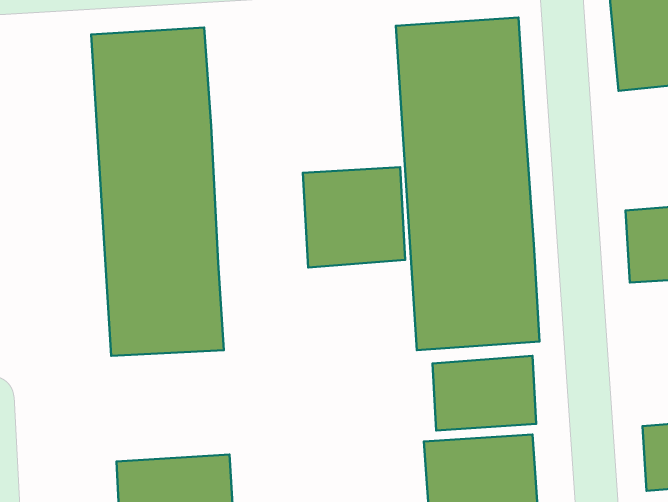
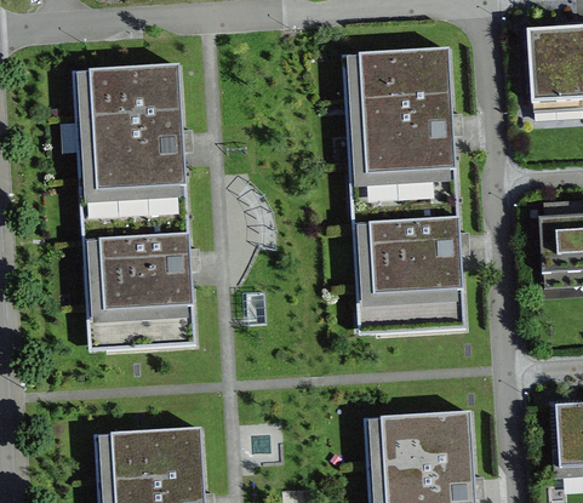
building: [303,167,405,267] -> none
building: [433,356,536,431] -> none

